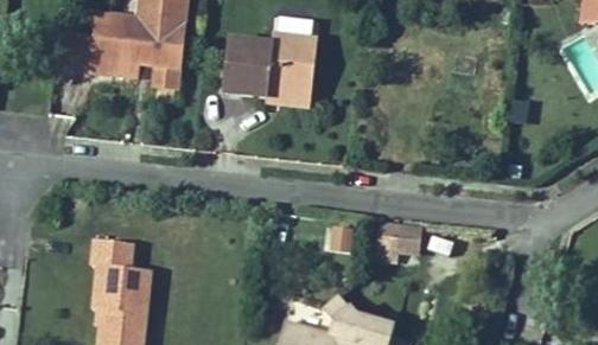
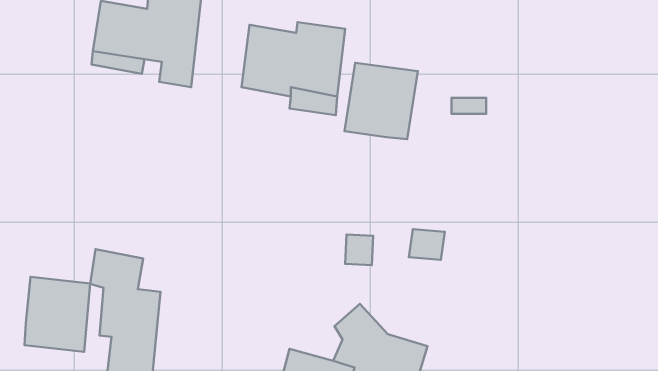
building: none -> [345,63,418,139]
building: none -> [25,277,90,352]

